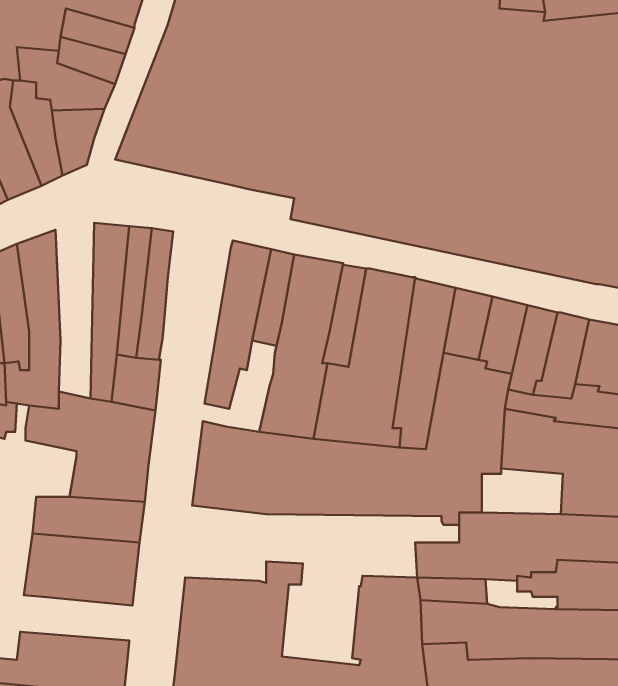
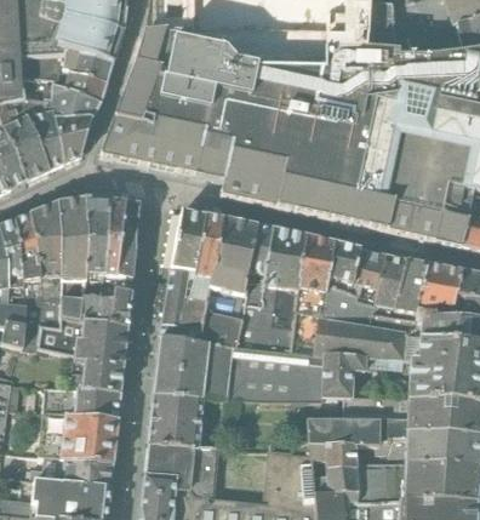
building: none -> [59,195,86,316]
building: none -> [177,296,210,339]
building: none -> [149,390,205,442]
building: none -> [32,453,113,484]

